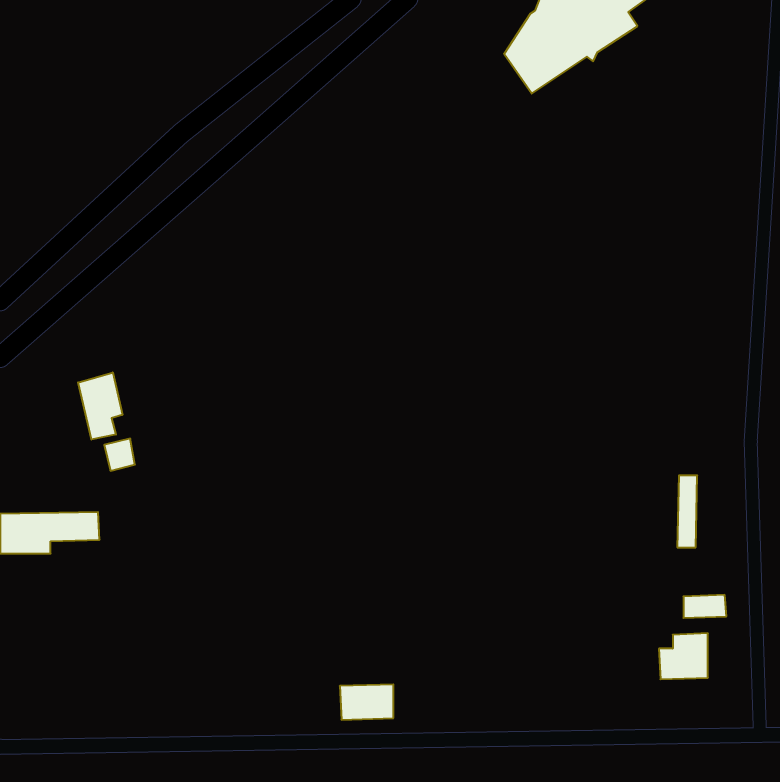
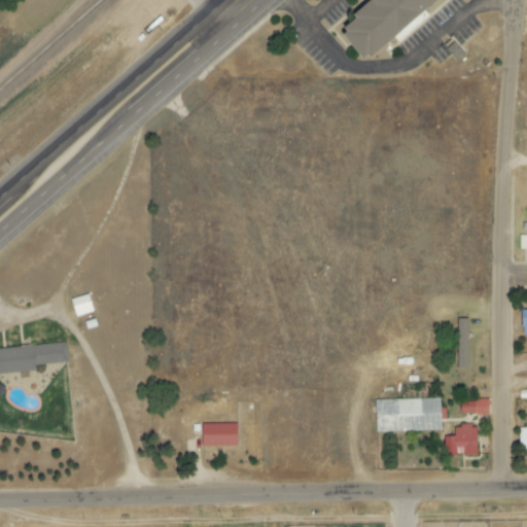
building: [78,372,122,440] -> none
building: none -> [377,397,442,431]
building: [340,684,393,720] -> [202,423,238,447]

